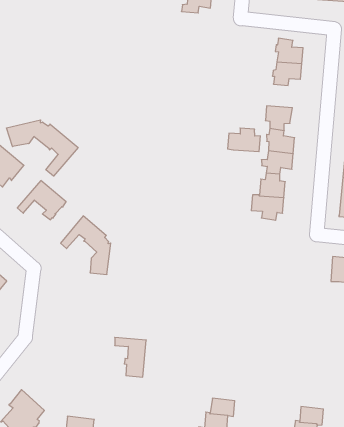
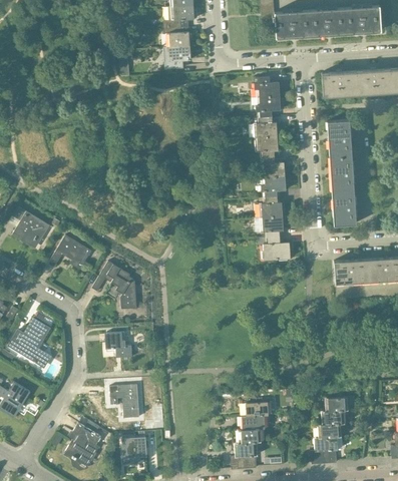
building: [7,120,78,176] -> none
building: [228,128,260,152] -> [249,118,278,139]
building: none -> [258,238,291,261]
building: none -> [107,335,133,360]
building: [115,337,146,377] -> [109,386,139,420]

